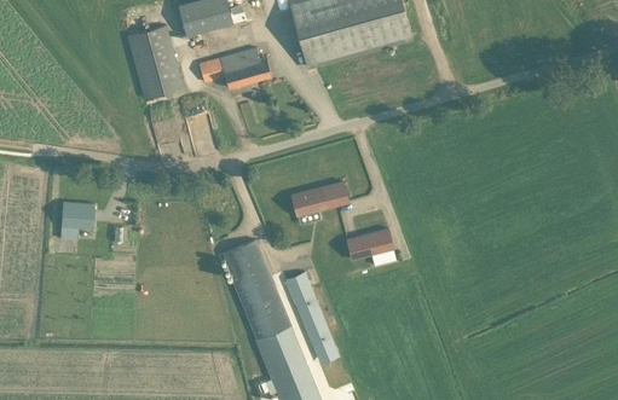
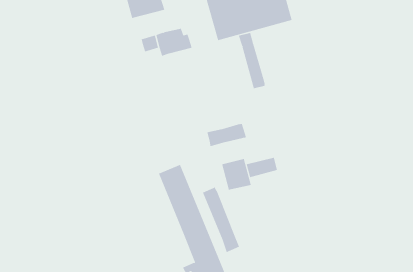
building: [127,25,183,98] -> none
building: none -> [238,32,266,89]
building: [60,202,94,239] -> none
building: none -> [222,158,251,191]

